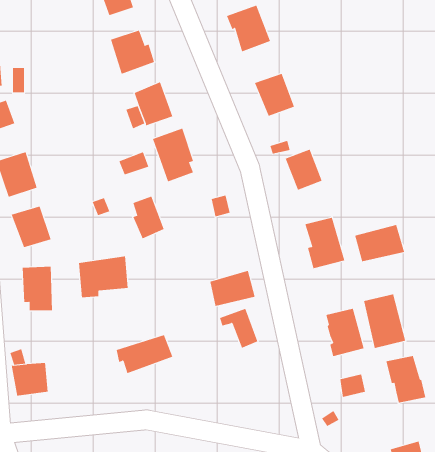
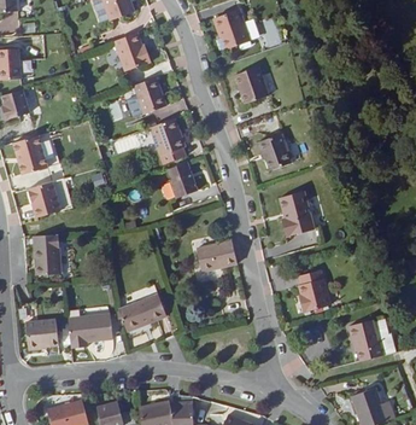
building: [132,196,165,239] -> [168,158,195,196]
building: [354,224,405,262] -> none
building: [78,256,129,298] -> [68,308,111,344]
building: [364,293,406,349] -> none

